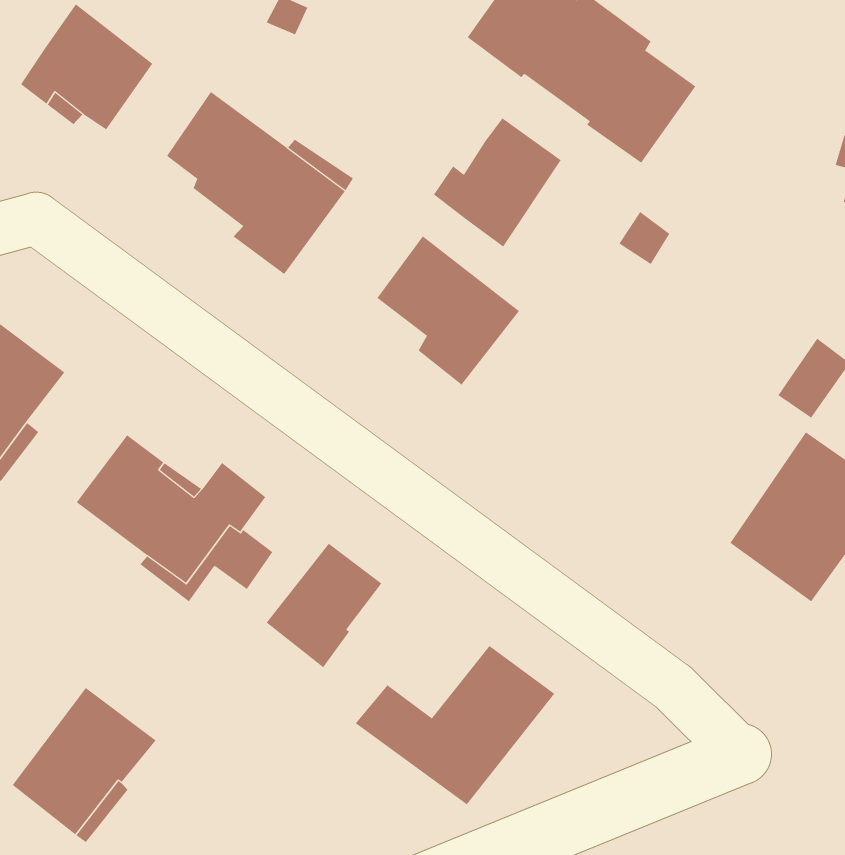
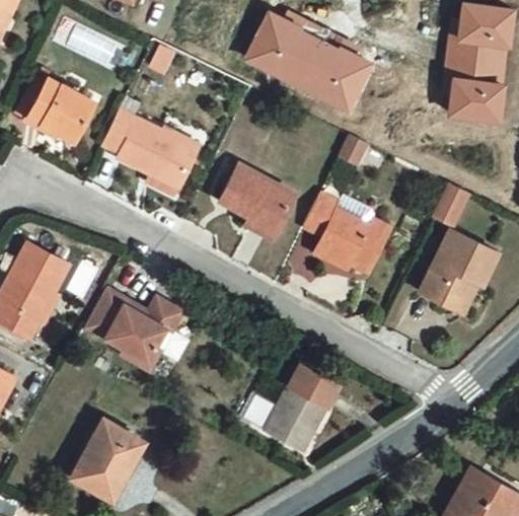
building: [433,117,561,247] -> none
building: none -> [306,191,393,269]
building: [266,543,382,668] -> none

